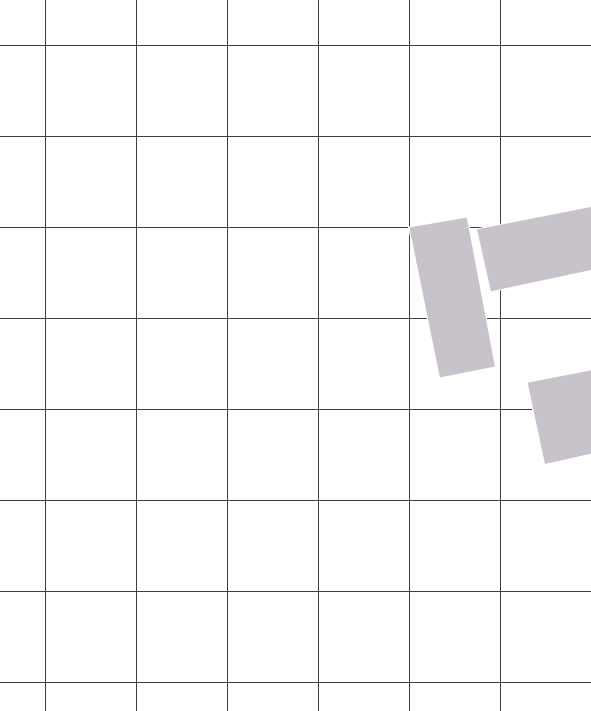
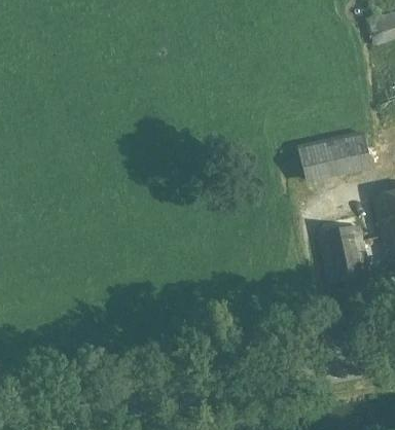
building: [409,217,496,378] -> none

